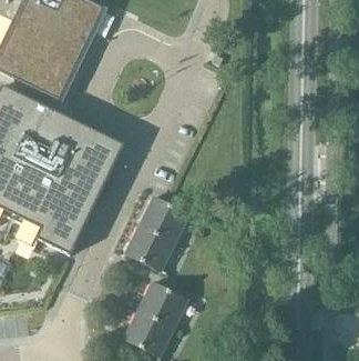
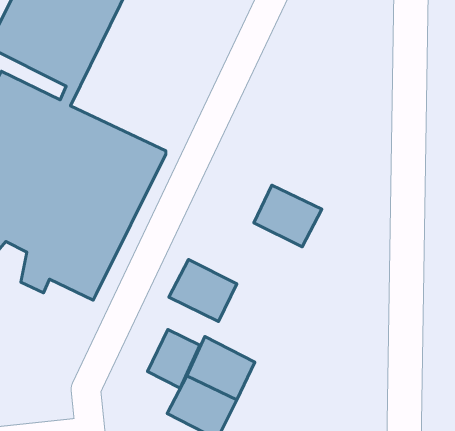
building: [140,195,189,241] -> [254,185,322,247]
building: none -> [147,330,200,388]

